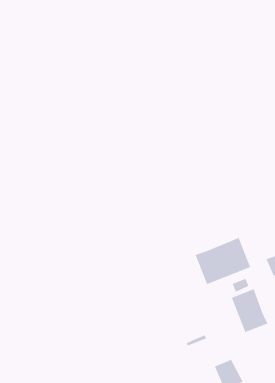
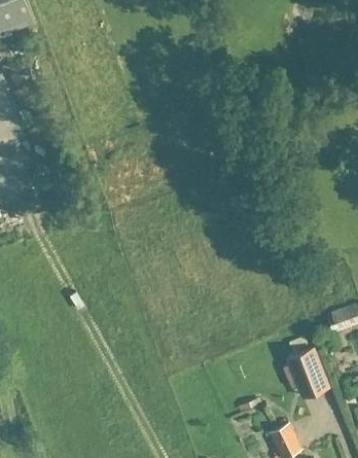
building: [195,237,251,285] -> none

